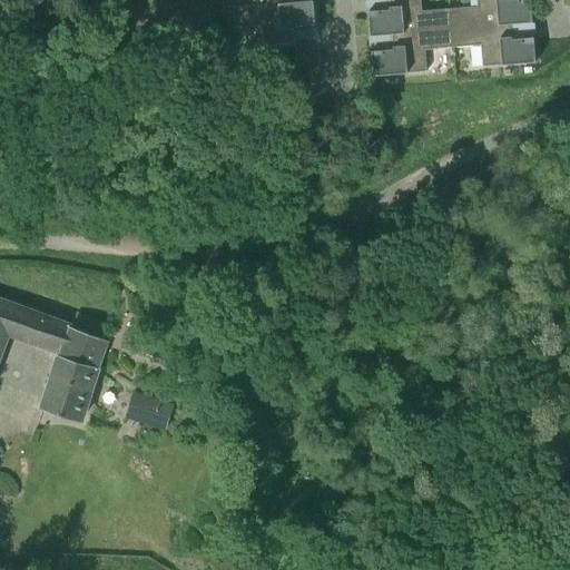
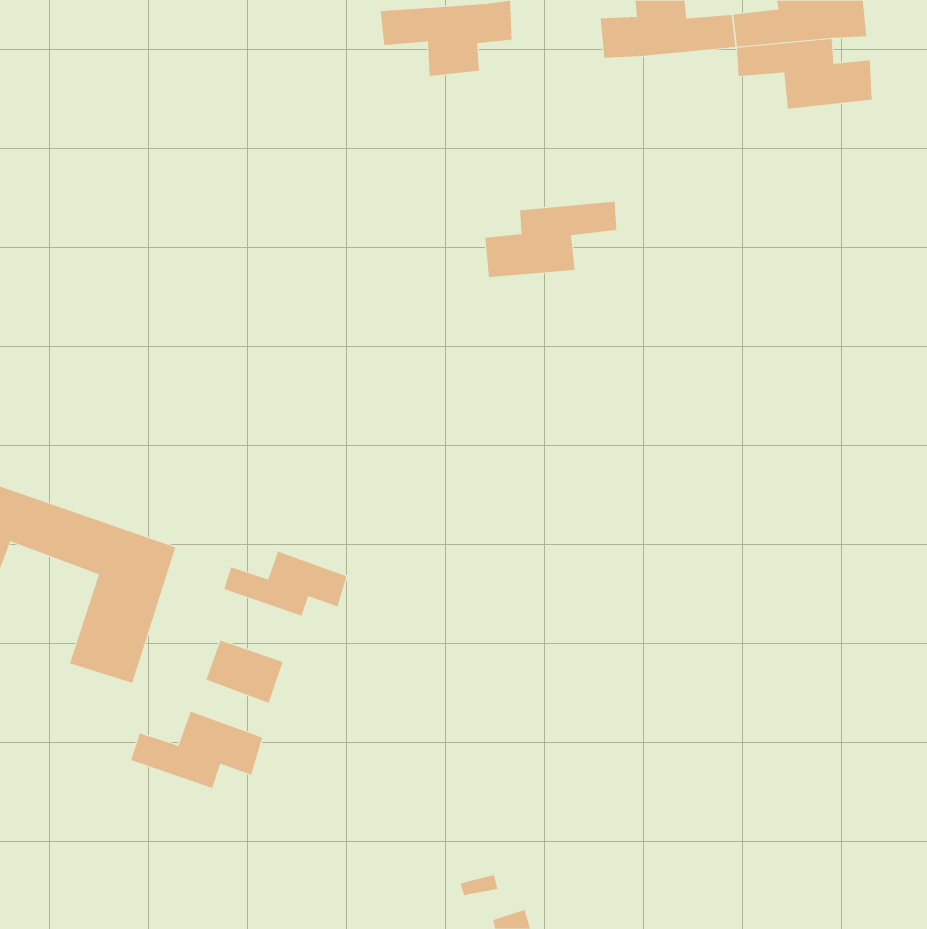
building: [371,29,452,76] -> [485,201,617,277]
building: none -> [224,551,347,617]
building: none -> [131,711,263,789]

